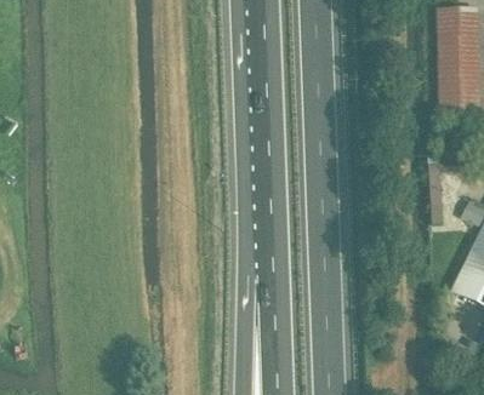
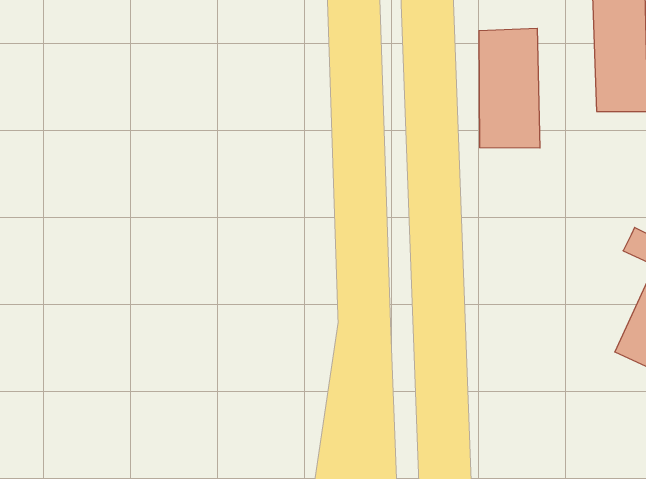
building: none -> [479,28,540,148]

